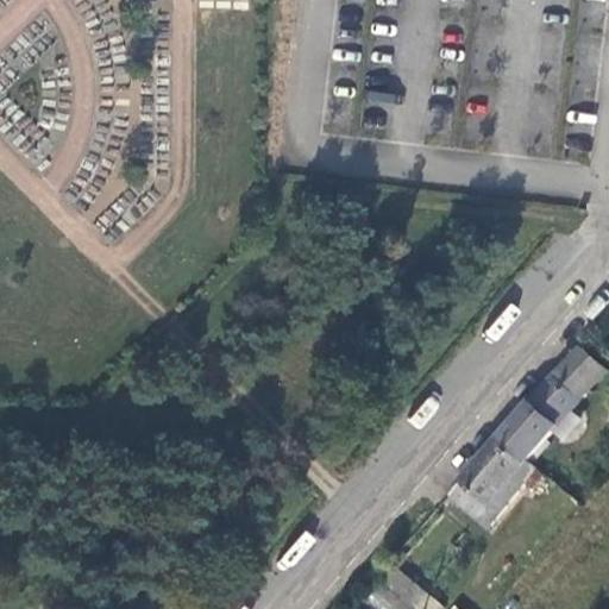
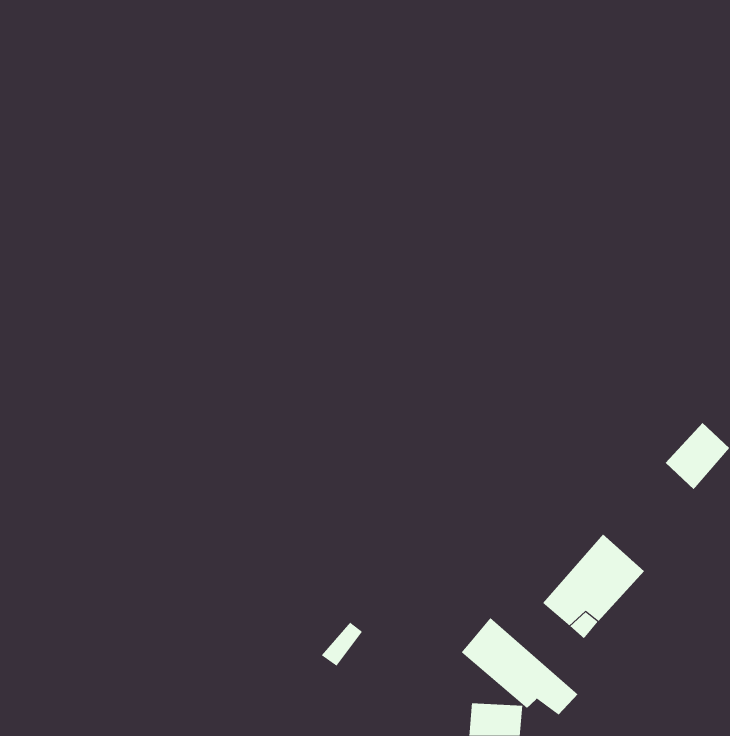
building: [496,381,571,460] -> none
building: none -> [461,617,578,716]

